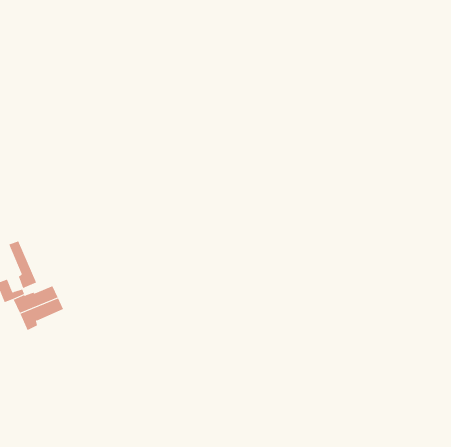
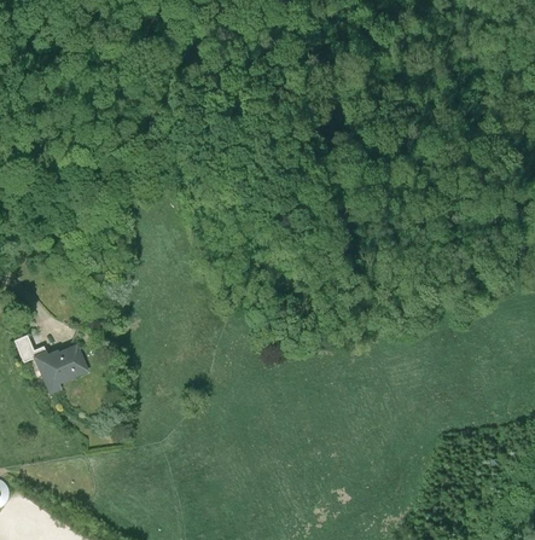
building: [9,240,37,289] -> none

